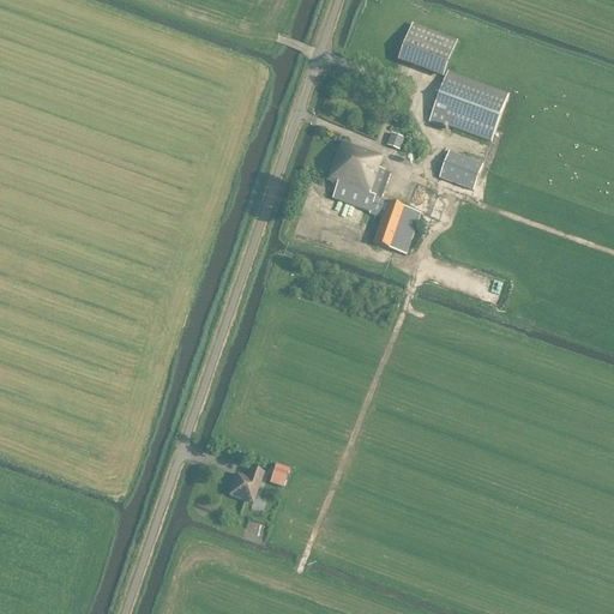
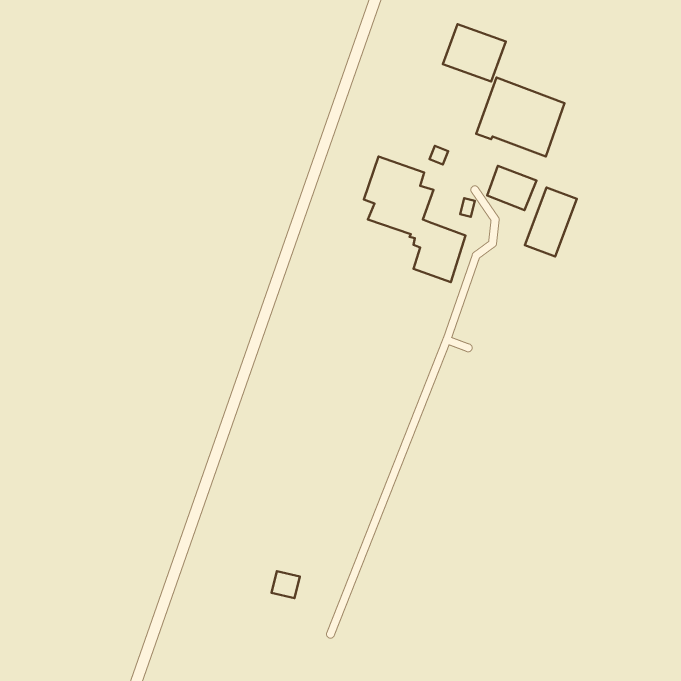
building: none -> [525,188,577,256]
building: [227,466,263,502] -> none

